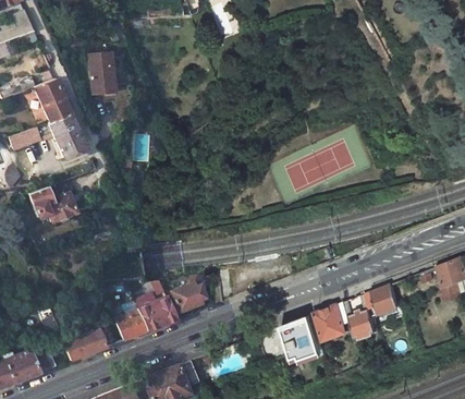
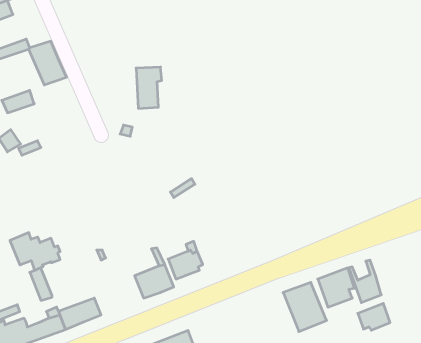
building: [89,55,114,95] -> [136,67,162,108]
building: [49,114,86,158] -> none
building: [27,186,76,223] -> [10,233,60,271]
building: [368,283,400,310] -> [358,303,390,330]
building: [114,309,147,340] -> none

